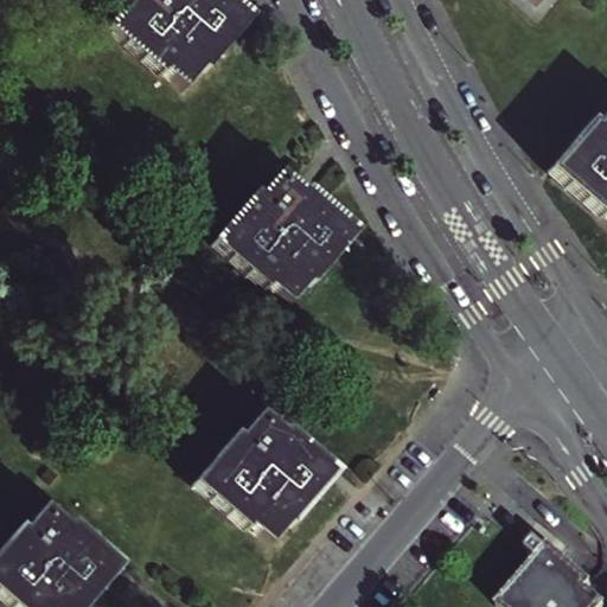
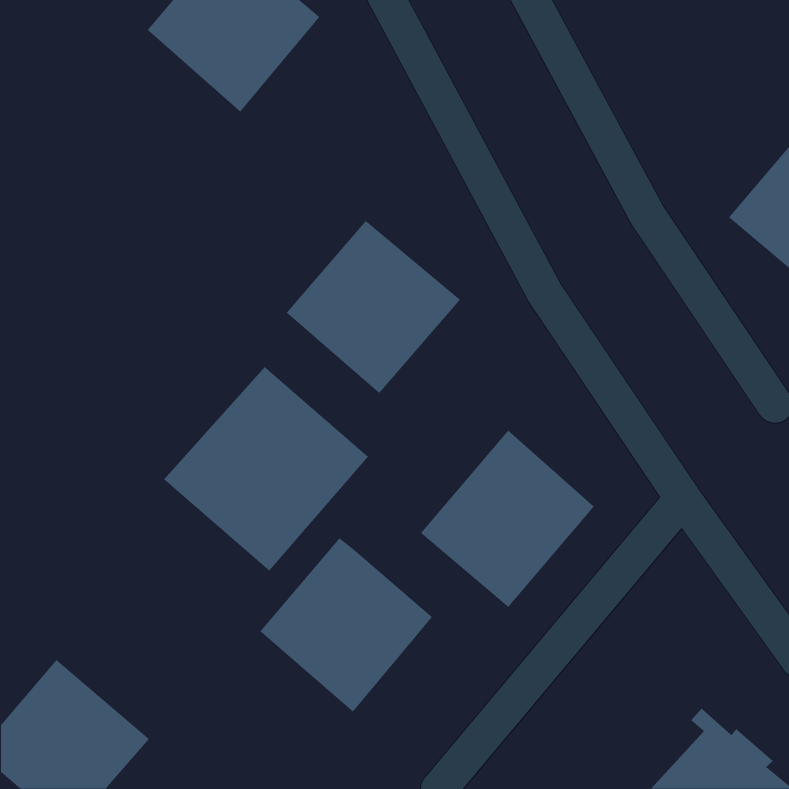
building: none -> [163,366,369,571]
building: none -> [420,430,595,608]

